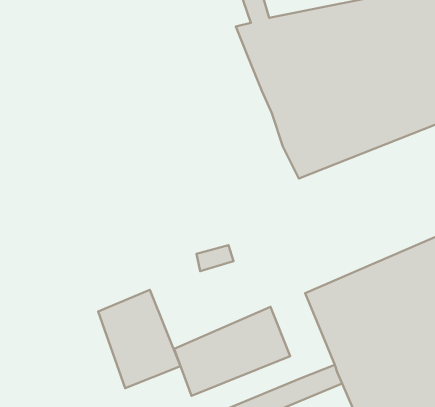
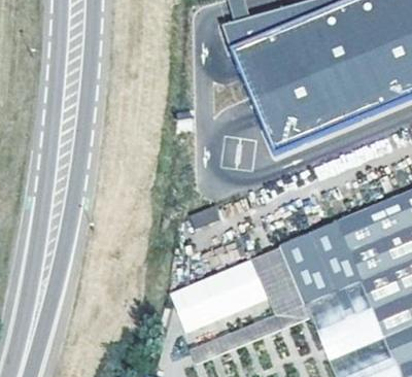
building: [98,290,180,388] -> none
building: none -> [251,245,305,316]

